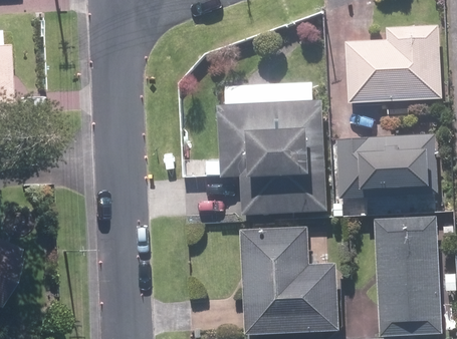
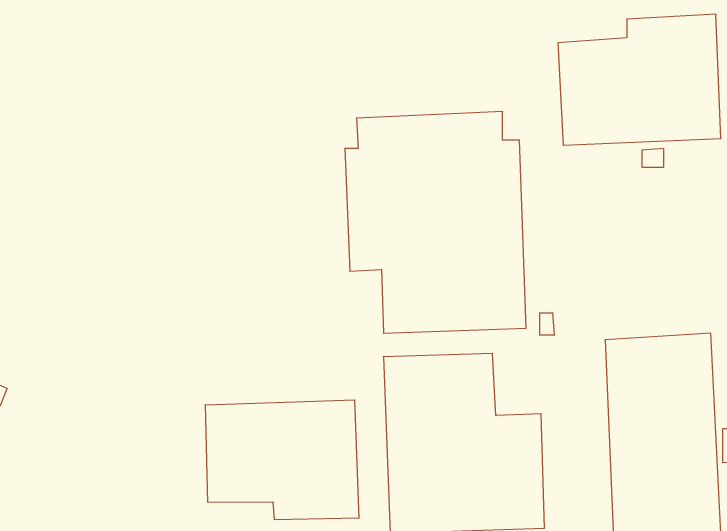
building: [334,132,438,198] -> none
building: none -> [205,400,359,520]

